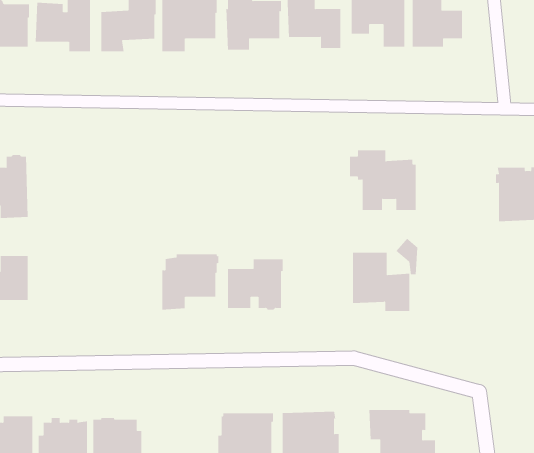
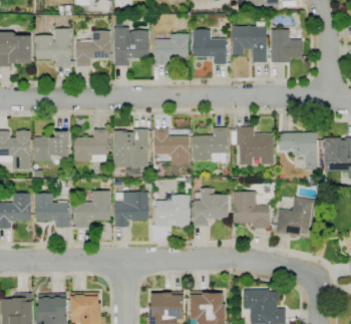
building: none -> [194,127,229,164]
building: none -> [154,128,190,165]
building: none -> [74,129,108,161]
building: none -> [113,129,148,169]
building: none -> [34,131,69,161]
building: none -> [279,132,318,170]
building: none -> [194,189,229,227]
building: none -> [76,191,111,229]
building: none -> [35,194,70,228]
building: none -> [276,198,316,238]

